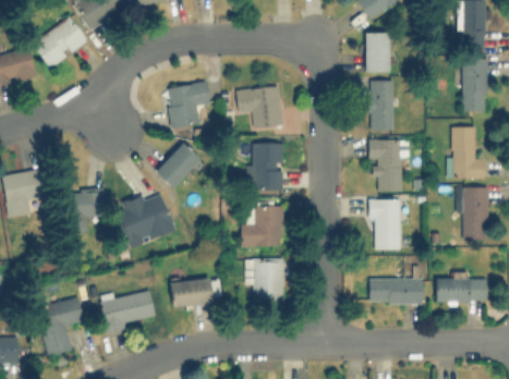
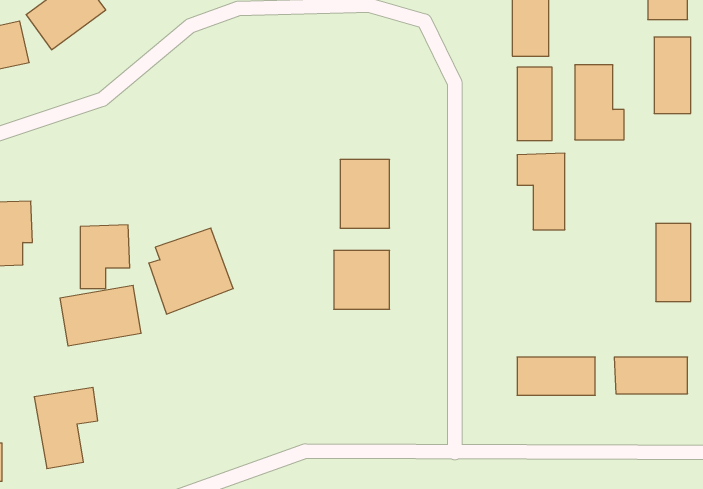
building: [165,69,220,129] -> none
building: [237,87,281,129] -> none
building: [449,127,483,179] -> [575,65,624,140]
building: [155,143,201,188] -> none
building: [371,200,399,249] -> none
building: [245,259,282,302] -> none
building: [170,279,213,307] -> none
building: [99,290,155,331] -> [60,285,141,346]

